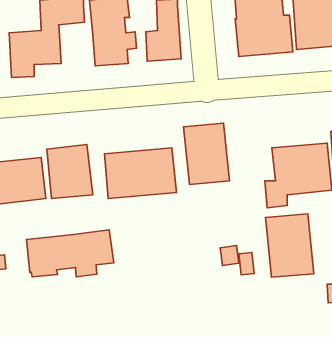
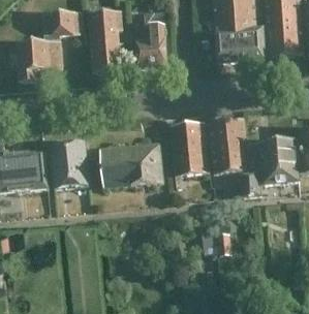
building: [266,214,314,277] -> [206,117,248,172]
building: [27,230,114,277] -> none

